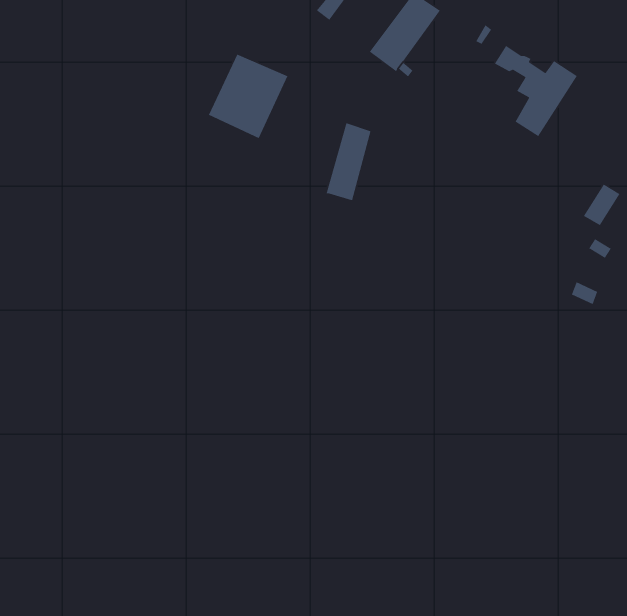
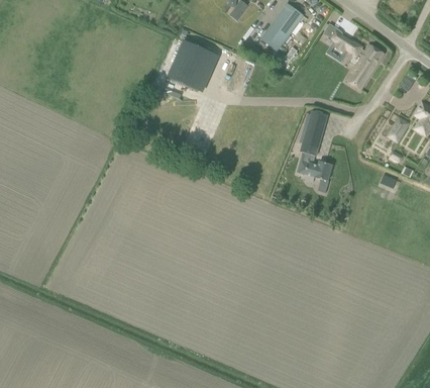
building: [325,122,372,201] -> [300,109,327,156]
building: none -> [297,160,332,180]

